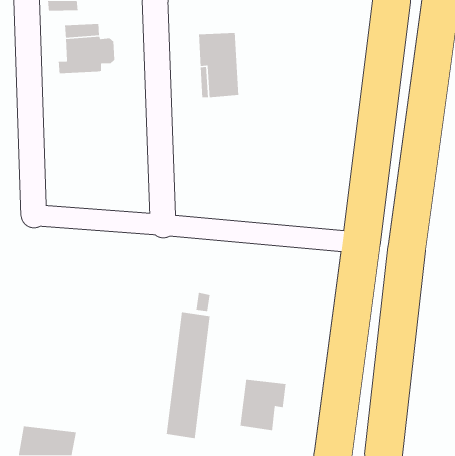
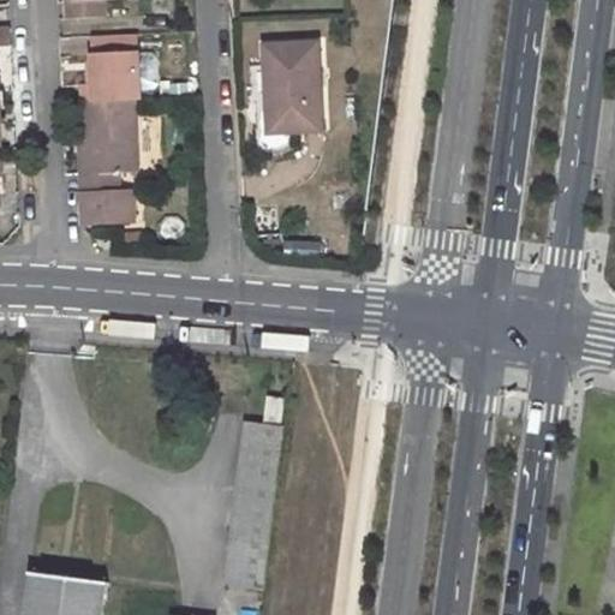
building: none -> [77,97,136,221]
building: [240,379,286,431] -> none

